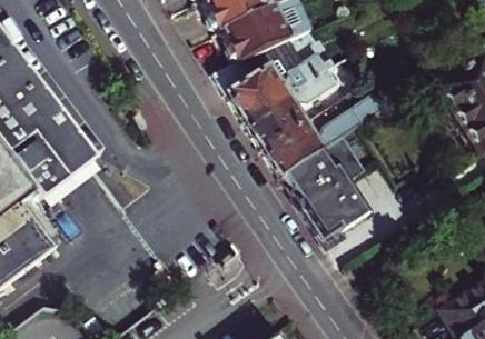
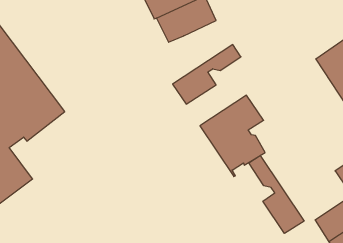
building: [218,49,330,118] -> none
building: [266,90,388,176] -> none
building: none -> [249,155,304,233]

